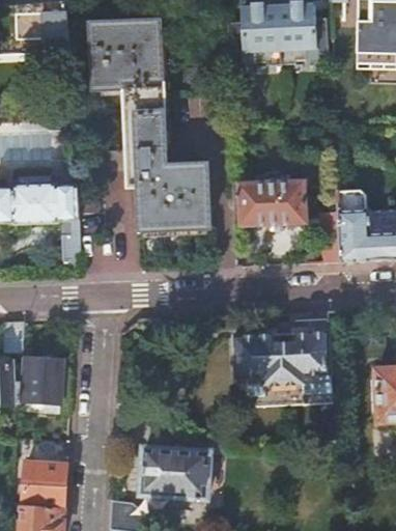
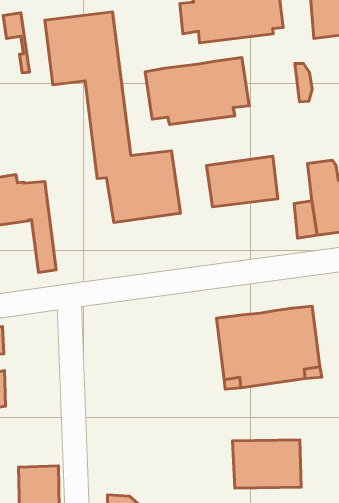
building: none -> [145,58,249,125]
building: [27,356,61,399] -> none
building: [142,445,210,497] -> [233,440,301,488]

